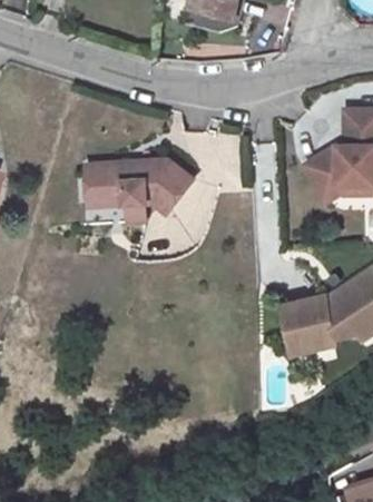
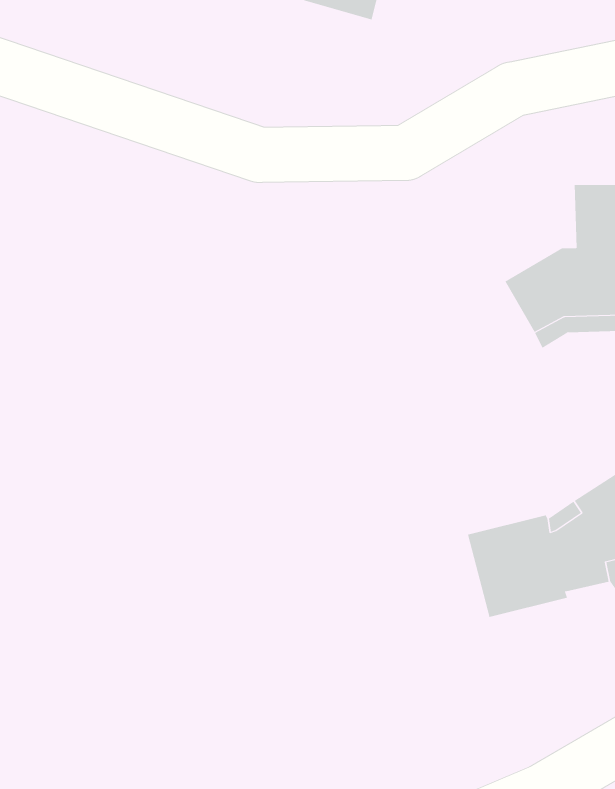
building: [88,160,193,213] -> none

